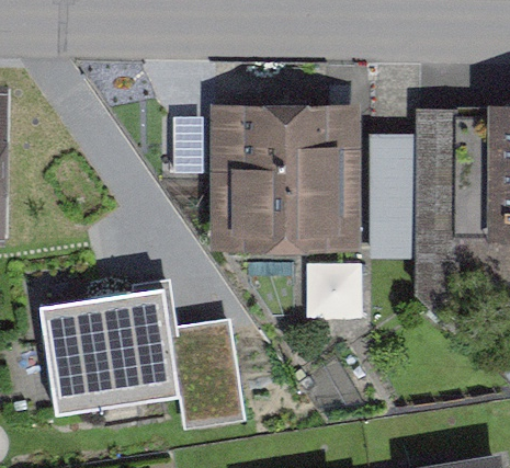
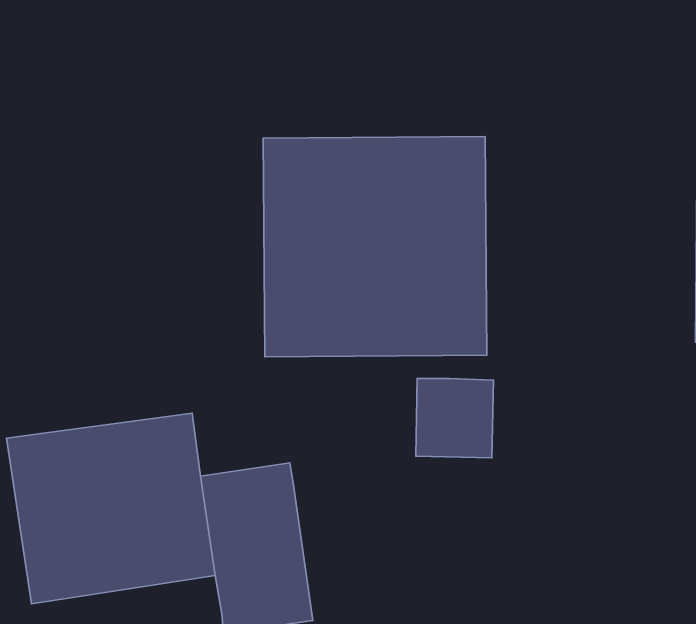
building: [417,118,485,293] -> none
building: [367,146,413,264] -> none

